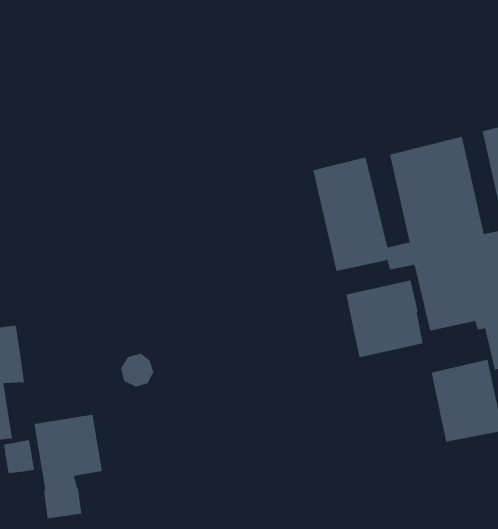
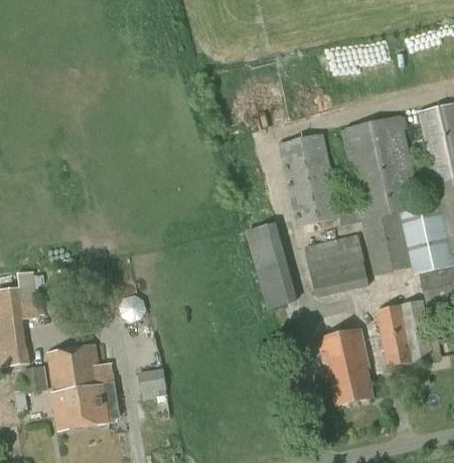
building: none -> [244,220,295,308]
building: none -> [320,329,372,405]
building: none -> [138,366,169,399]
building: none -> [82,391,110,426]

